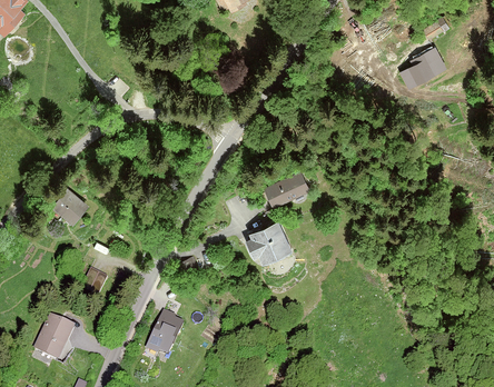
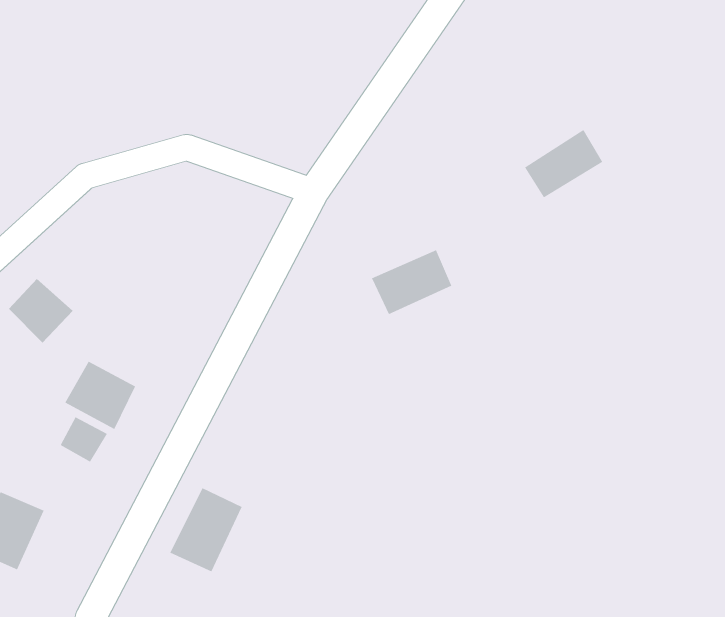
building: [401,49,446,89] -> [524,129,603,198]
building: [247,221,293,266] -> none
building: none -> [64,361,136,430]

